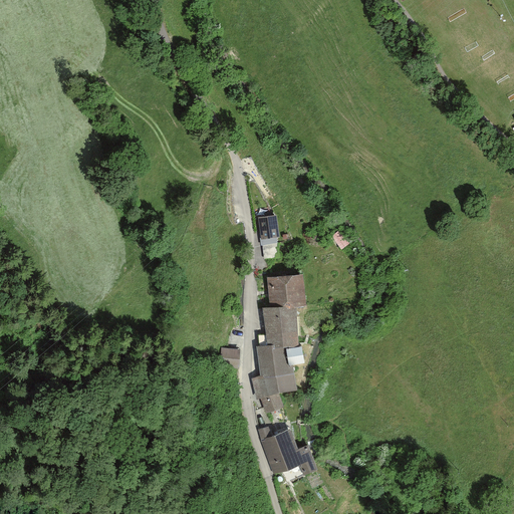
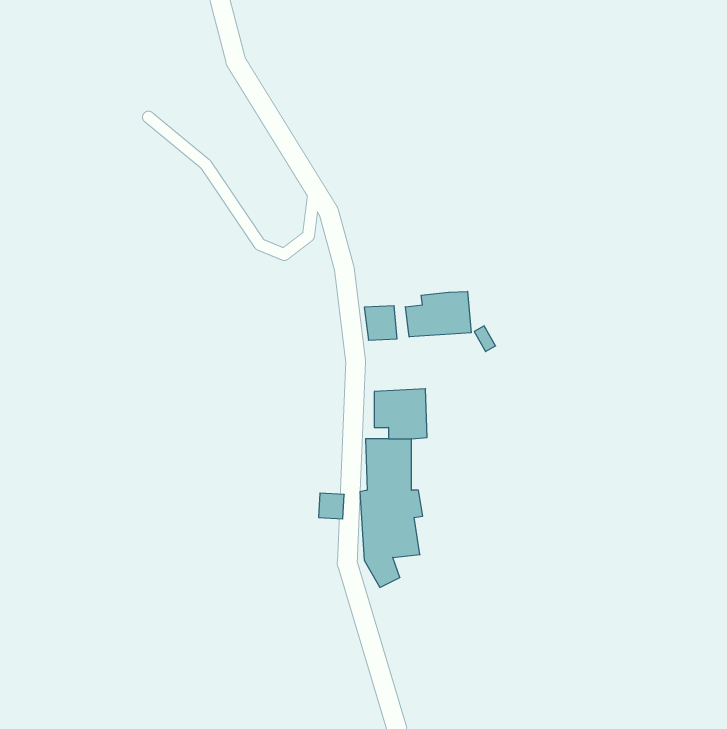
building: none -> [405,291,471,337]
building: [261,430,316,476] -> none

